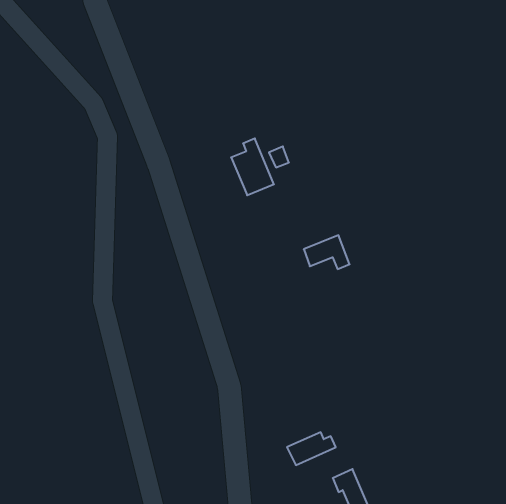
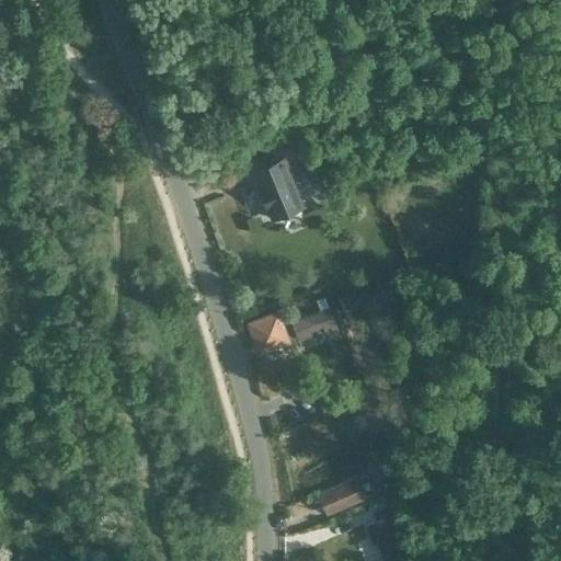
building: [304,235,350,269] -> [290,310,341,347]
building: none -> [245,314,289,357]

